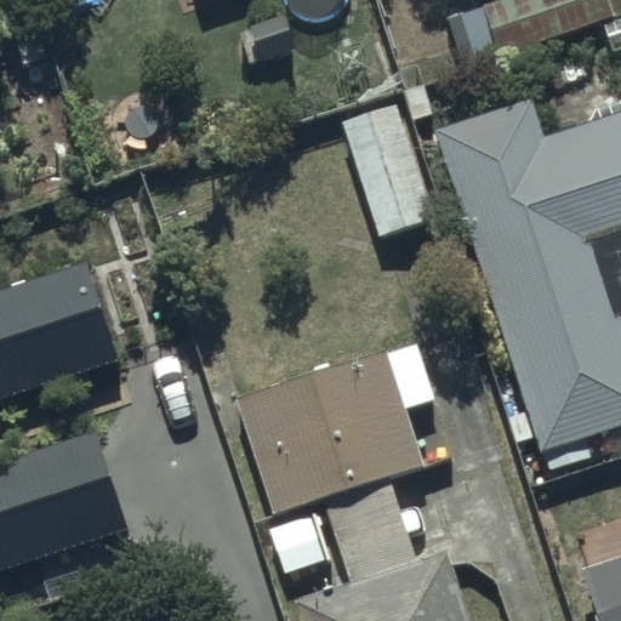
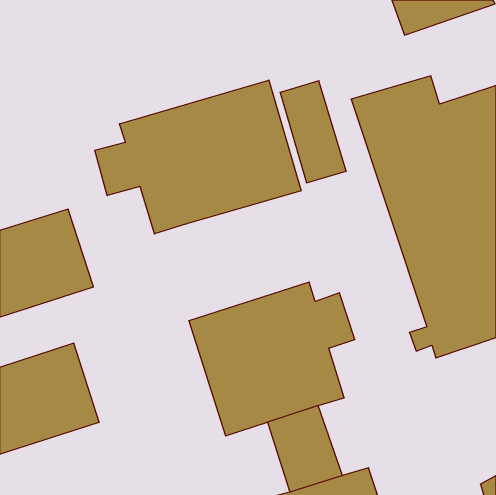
building: none -> [95,80,301,234]

